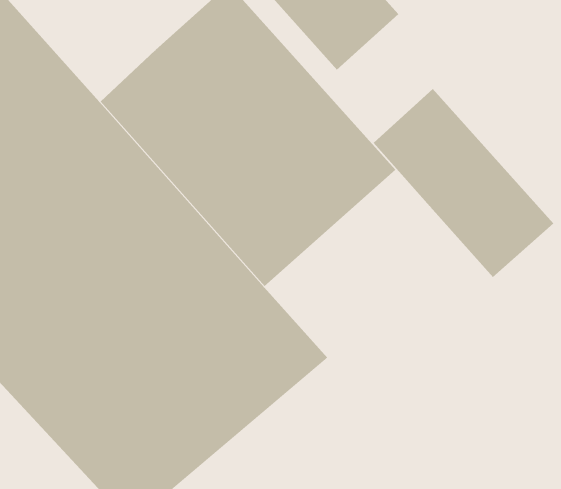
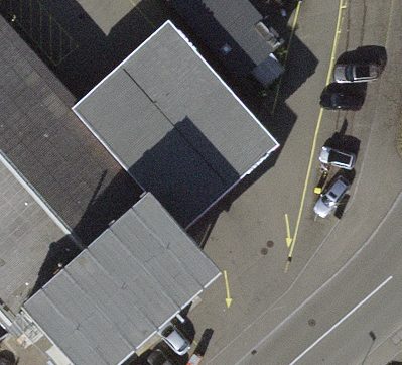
building: [373,88,554,278] -> none

